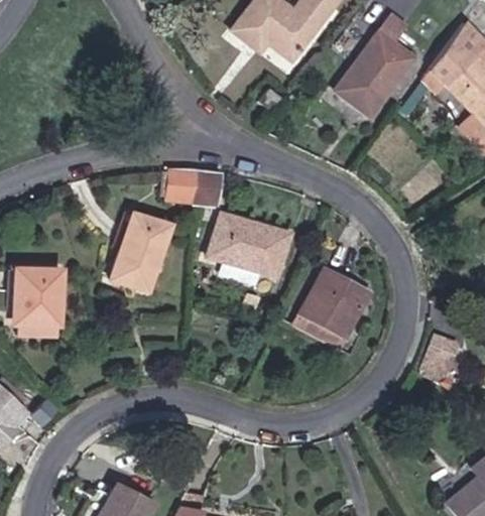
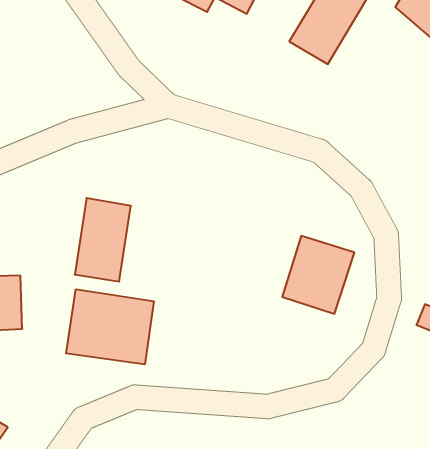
building: [168,170,219,203] -> none
building: [206,211,291,277] -> none
building: none -> [66,289,154,364]

